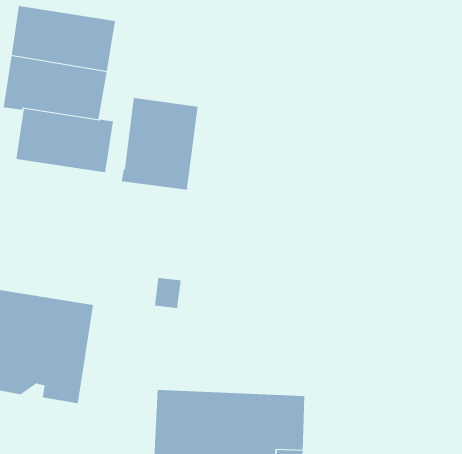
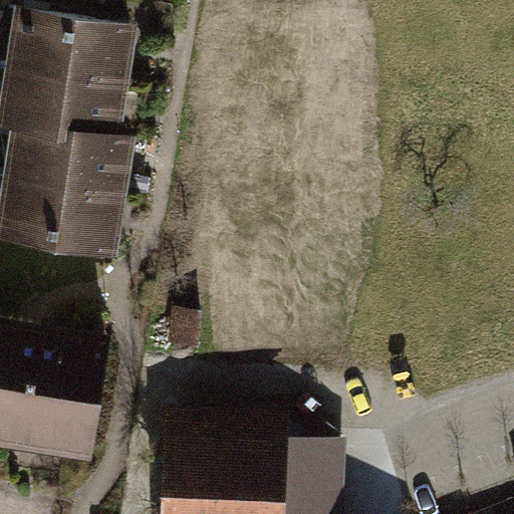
building: [121,97,198,191] -> none
building: none -> [8,188,116,258]

